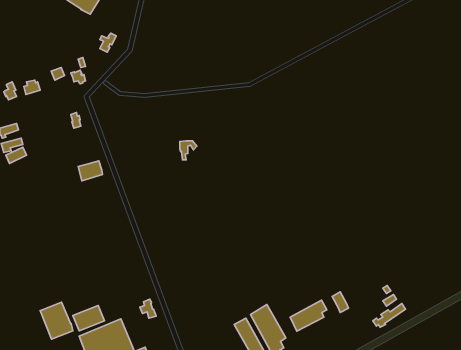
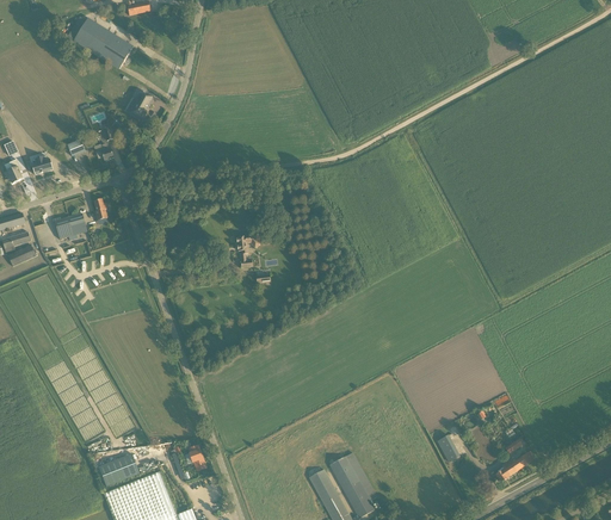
building: [78,161,103,181] -> [55,213,87,240]
building: [290,300,327,331] -> none
building: [40,302,73,339] -> none

